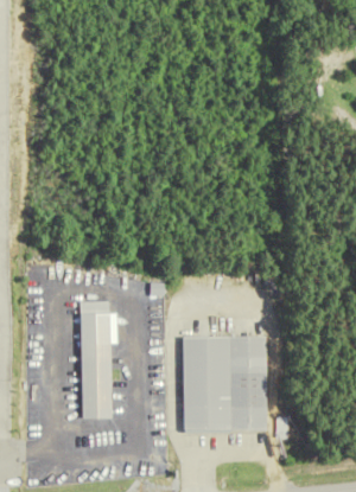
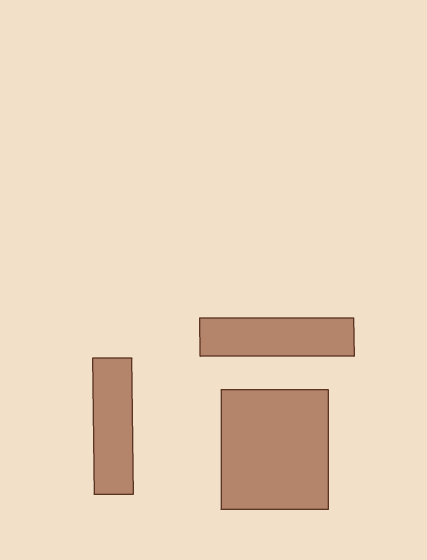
building: none -> [200,318,354,356]

